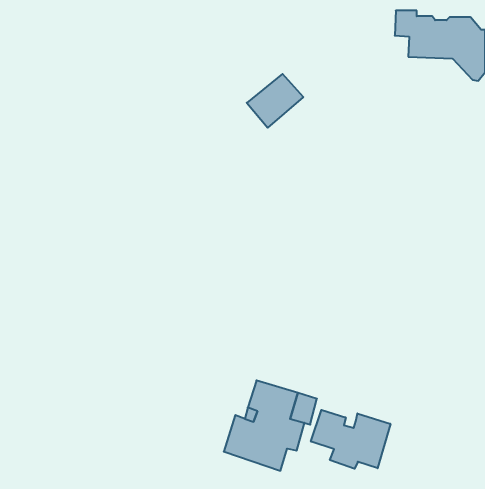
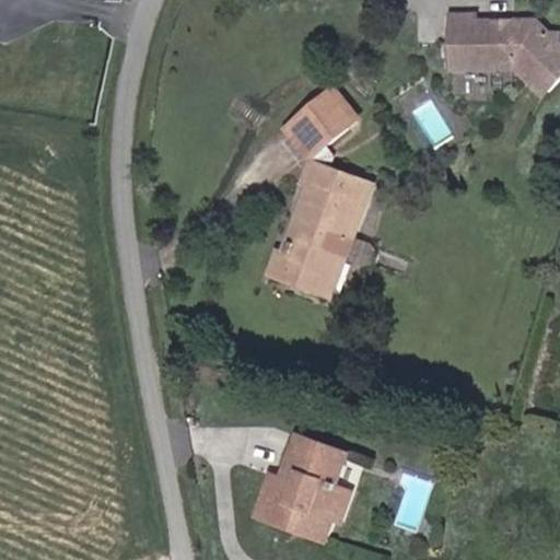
building: none -> [273,166,371,300]
building: [311,410,390,469] -> none

